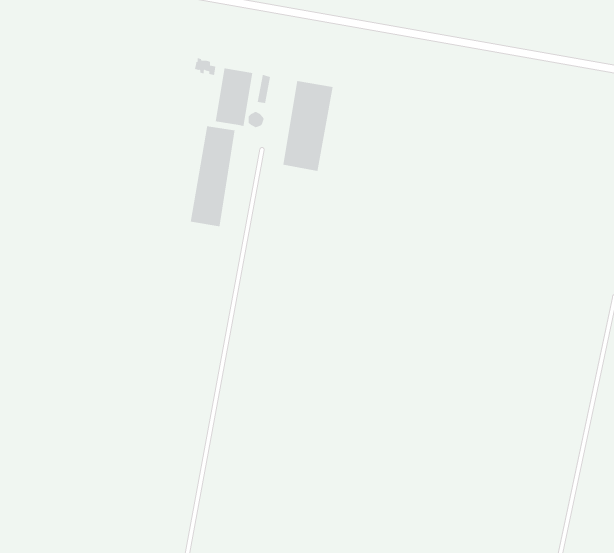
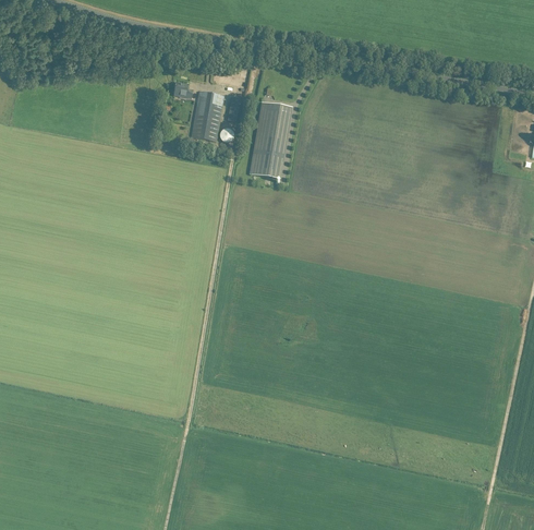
building: [190,125,235,227] -> none

